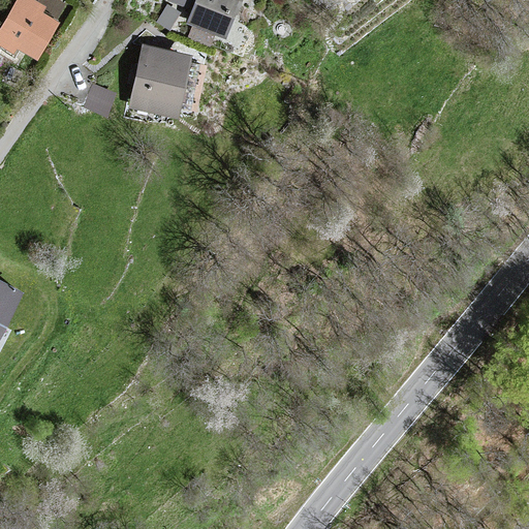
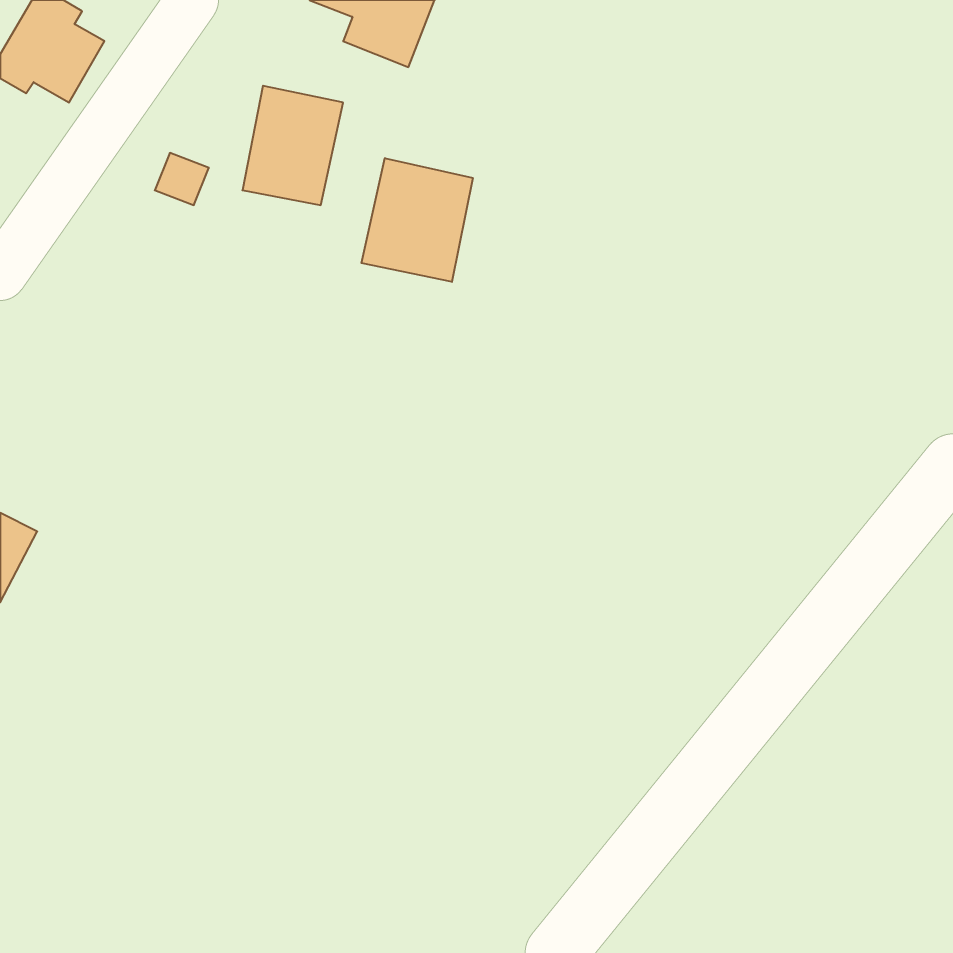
building: none -> [361,158,473,282]

